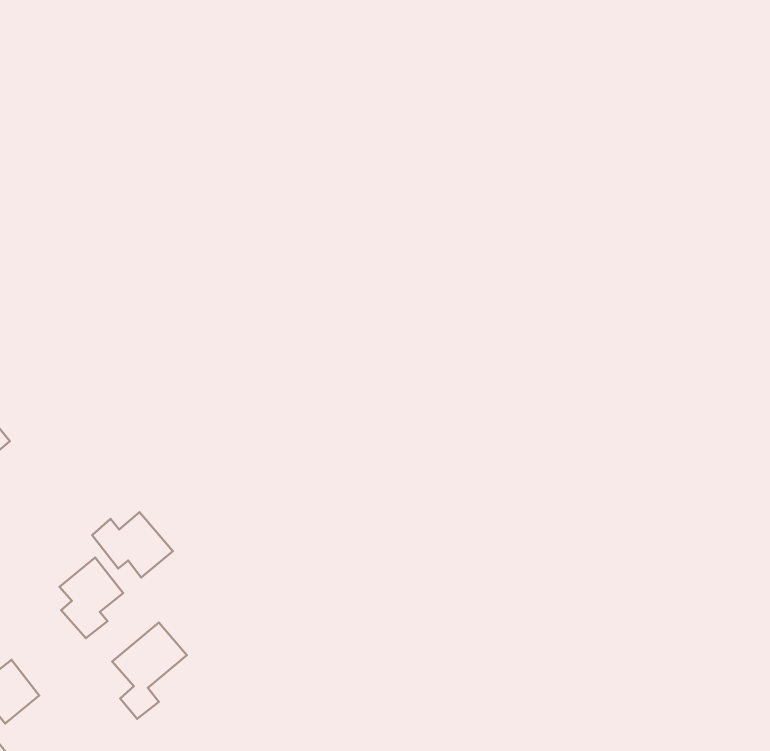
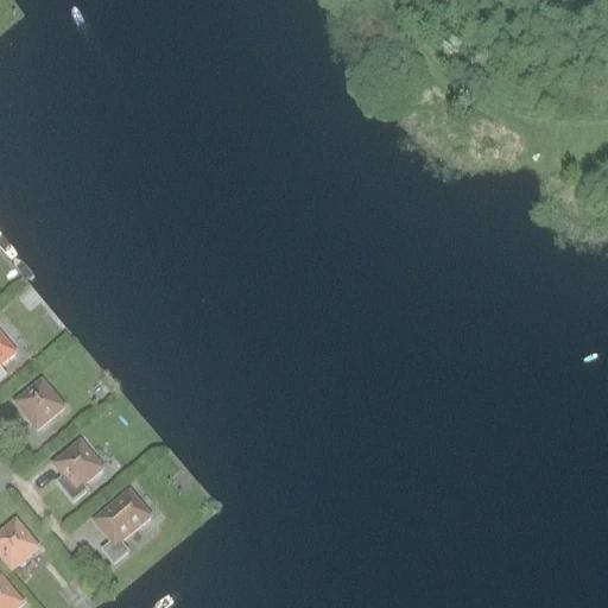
building: none -> [15,378,64,426]
building: [92,512,173,577] -> none

